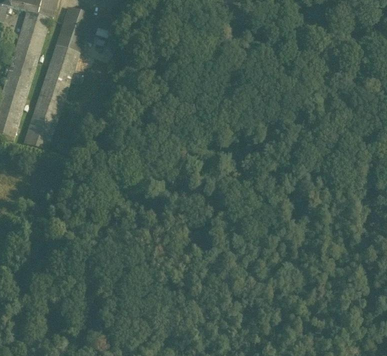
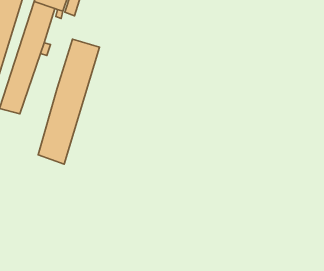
building: none -> [38,39,100,164]

